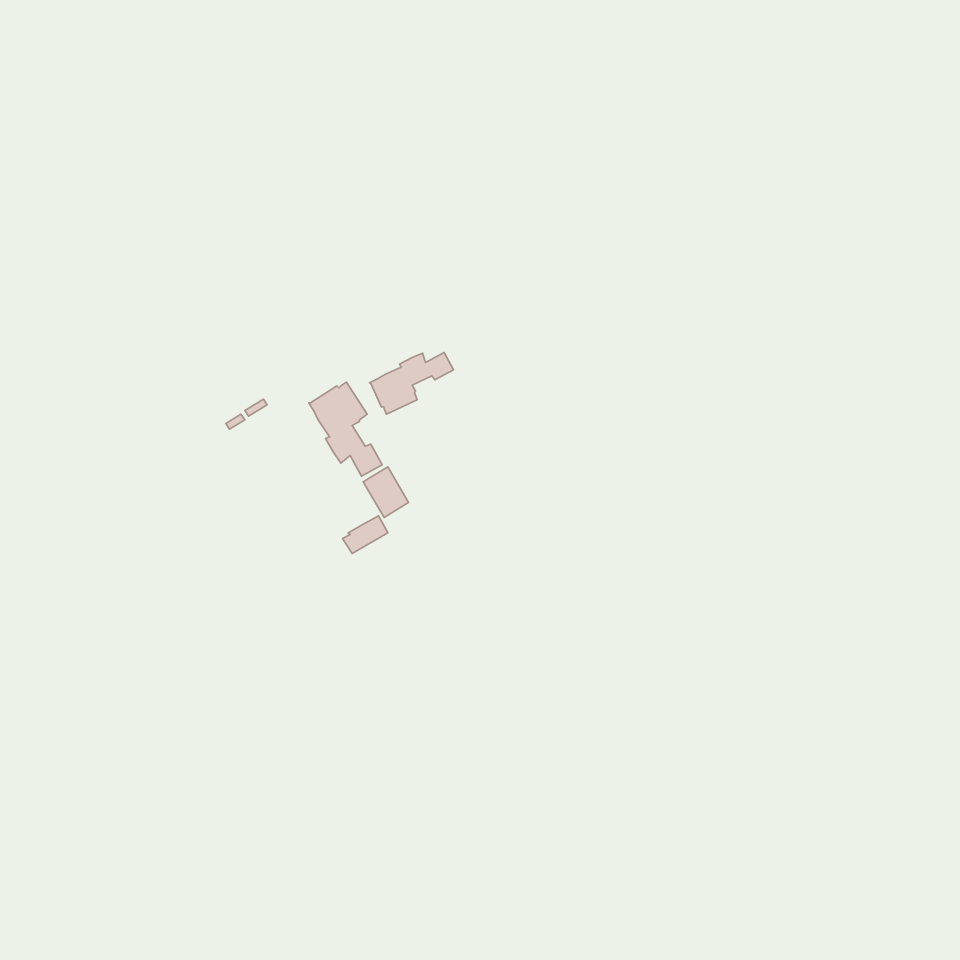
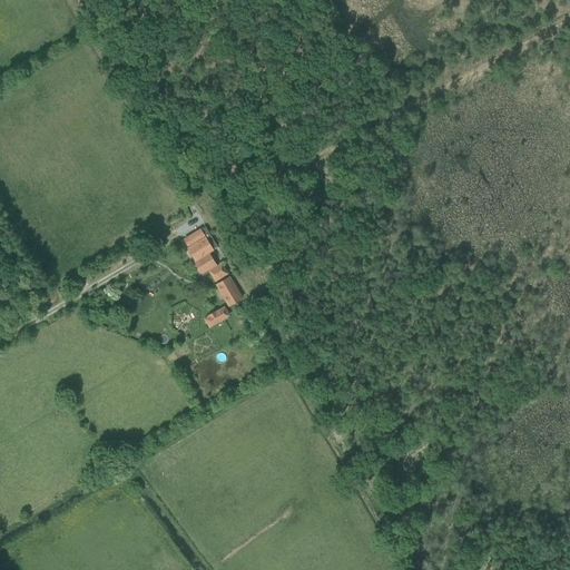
building: [369,353,453,414] -> none

